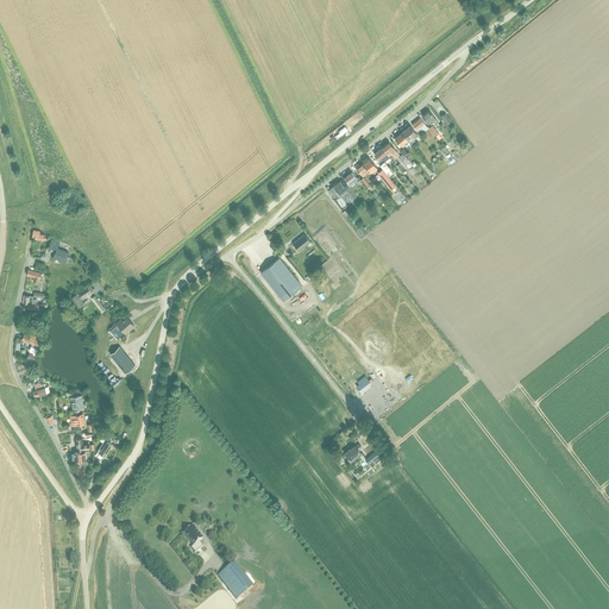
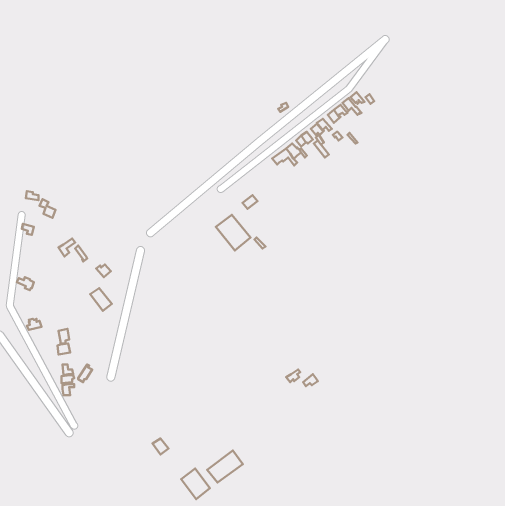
building: none -> [207,451,243,482]

